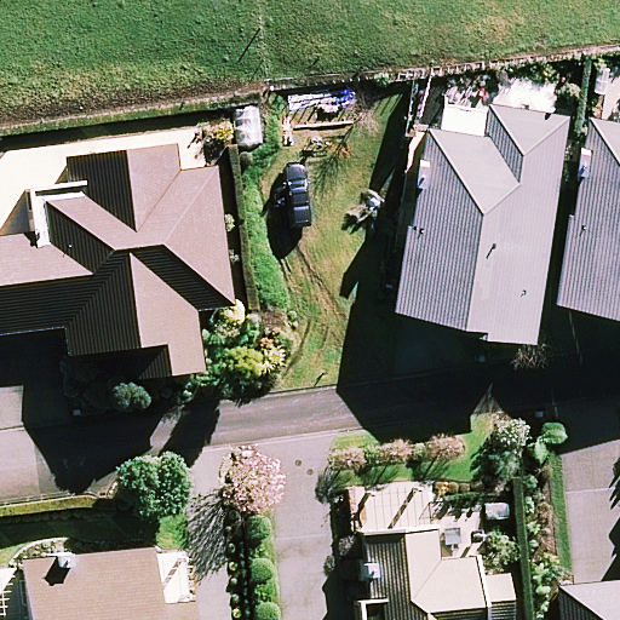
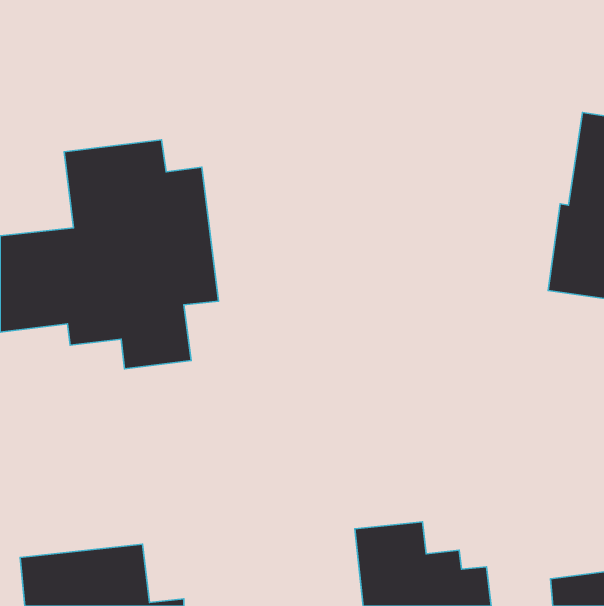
building: [401,96,569,320] -> none

